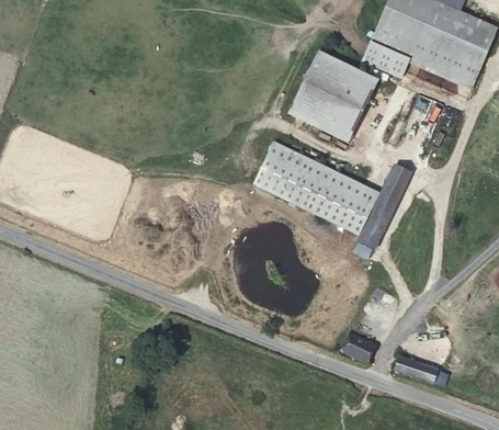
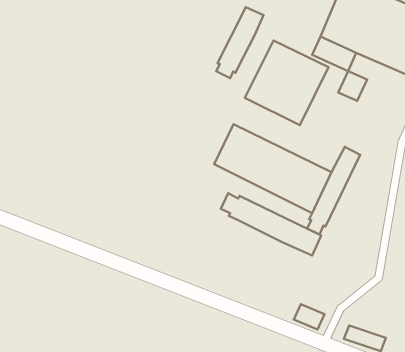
building: none -> [216,7,264,78]
building: none -> [338,71,367,101]
building: none -> [221,193,321,255]

